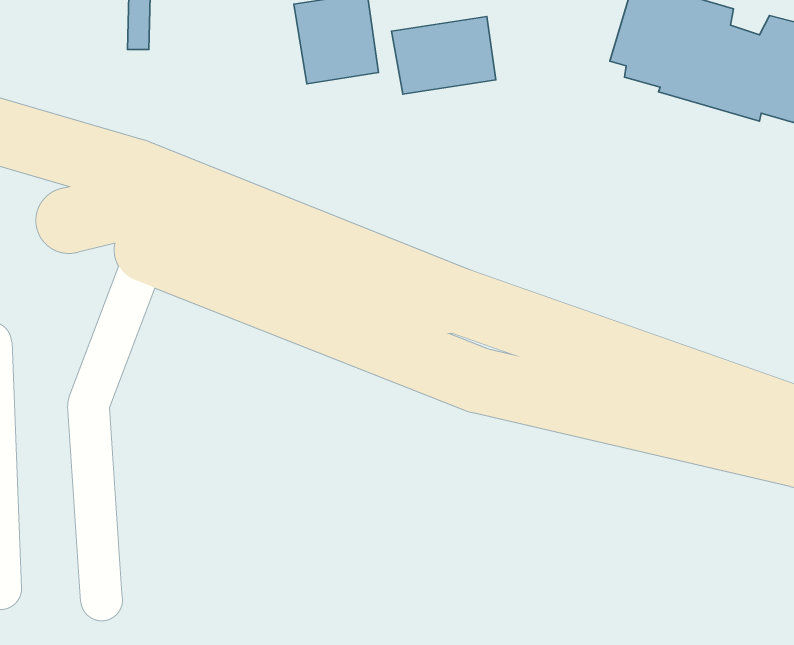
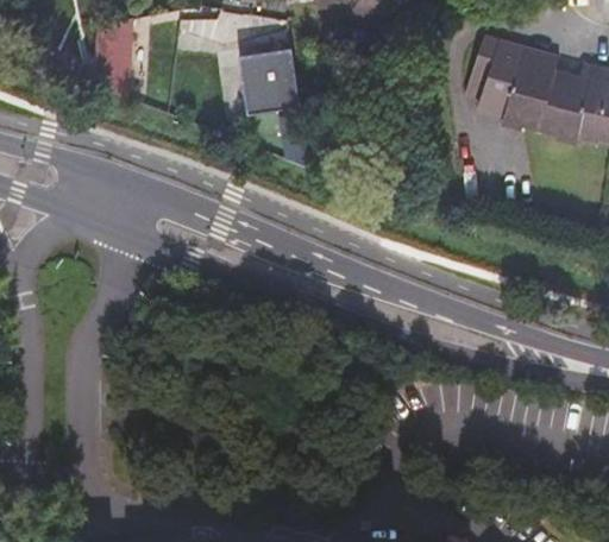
building: [392,16,496,94] -> none

